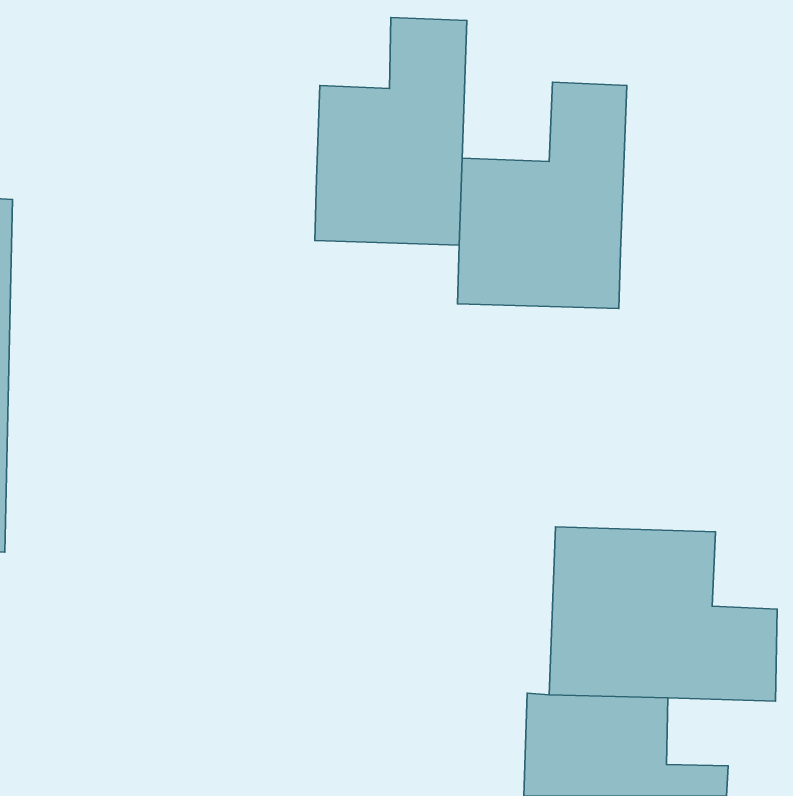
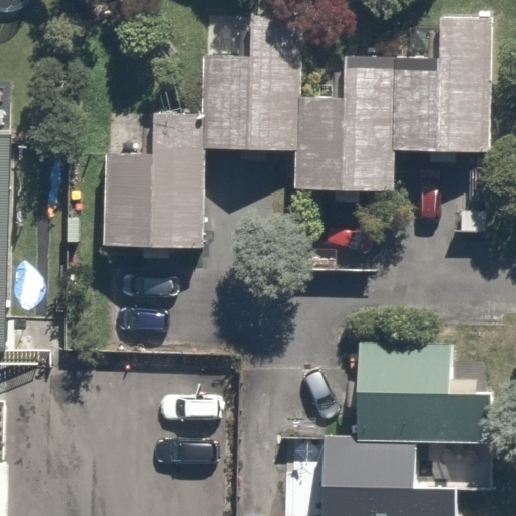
building: none -> [395,13,492,163]
building: none -> [95,112,202,255]

